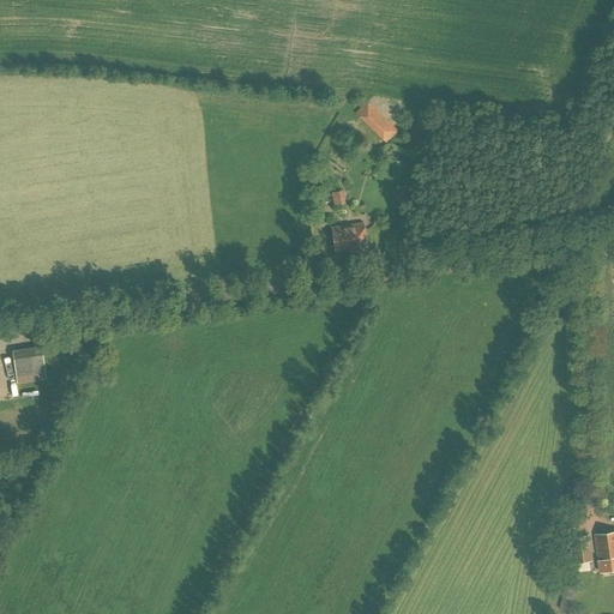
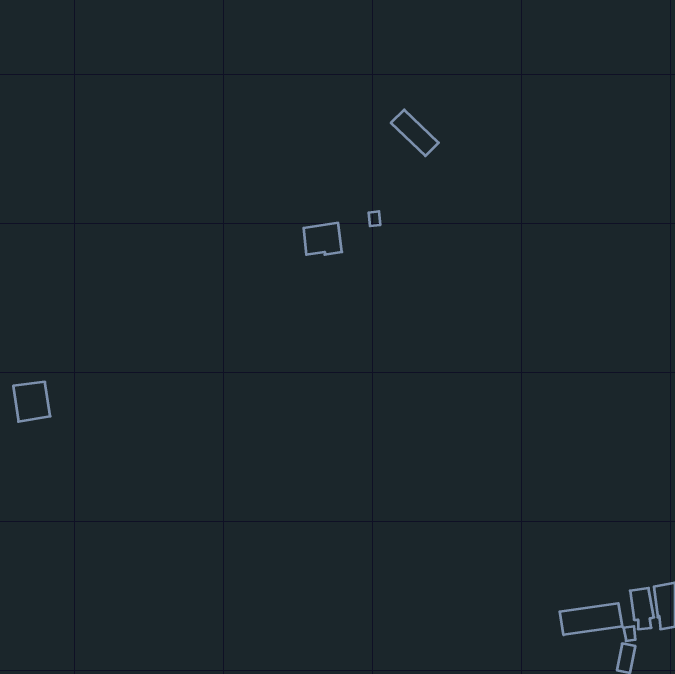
building: [332,222,367,251] -> [304,223,342,255]
building: none -> [560,603,622,635]

